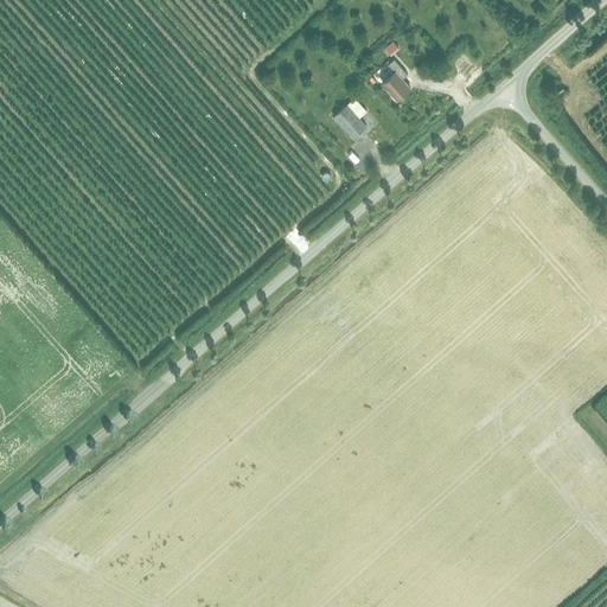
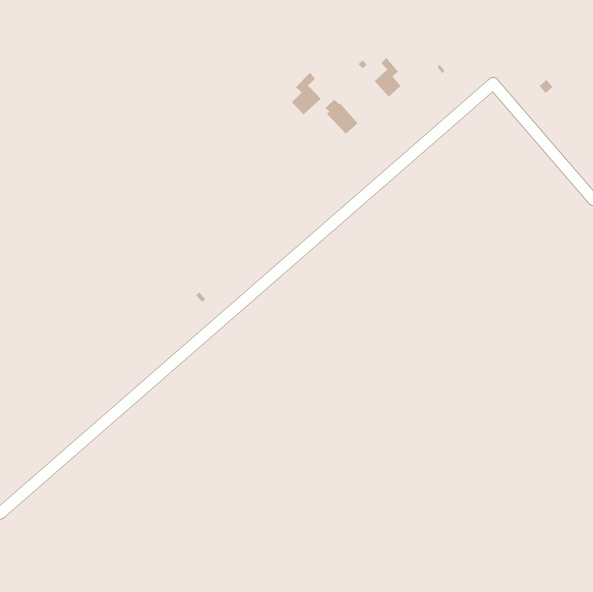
building: none -> [291,72,321,115]

